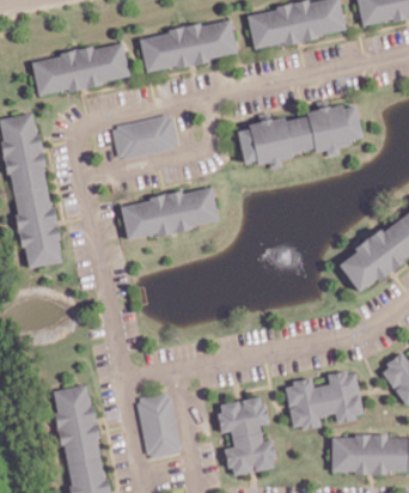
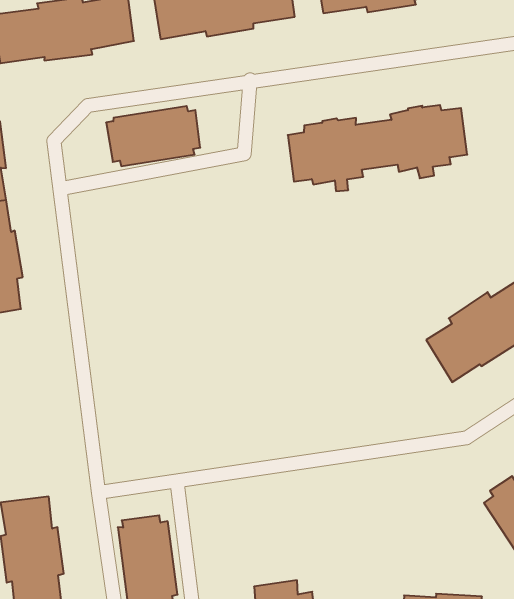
building: [120,188,216,239] -> none
building: [286,371,362,428] -> none
building: [215,397,267,438] -> none

